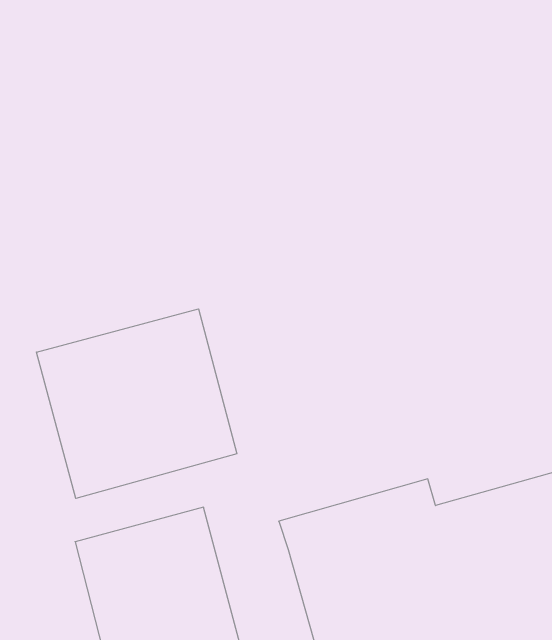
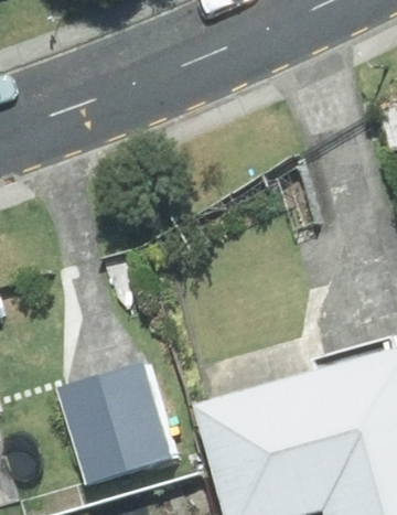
building: [36,309,237,498] -> none

